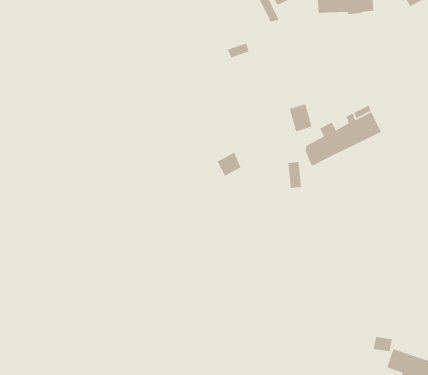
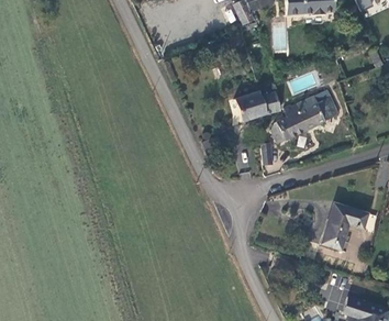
building: none -> [235,91,266,122]
building: none -> [321,206,368,251]

